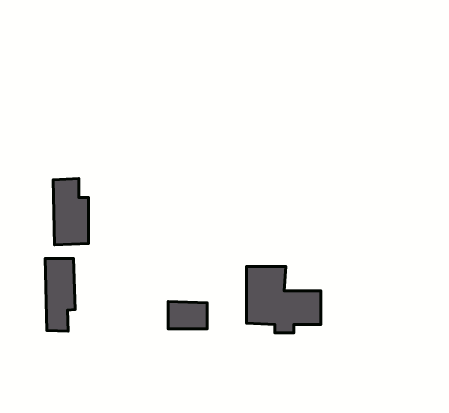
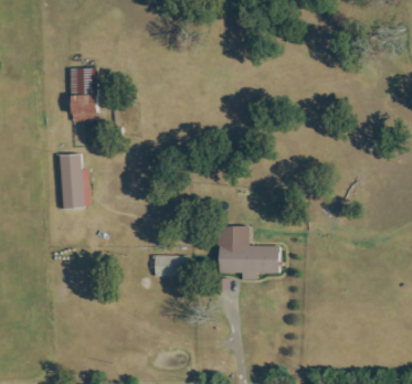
building: none -> [71,68,97,121]
building: [45,258,75,331] -> none

